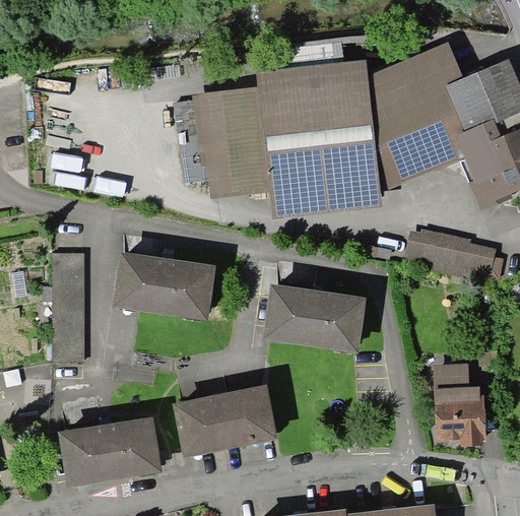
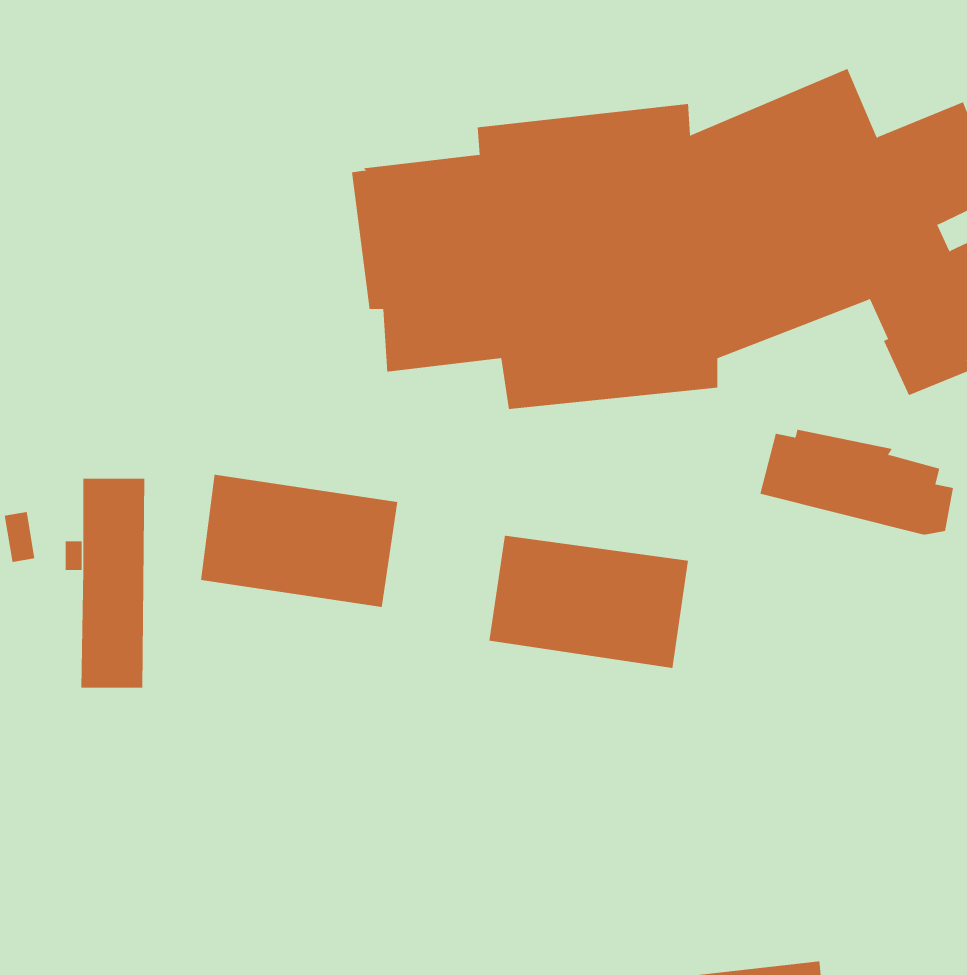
building: [435,365,485,446] -> none
building: [173,384,278,457] -> none
building: [59,416,162,487] -> none

